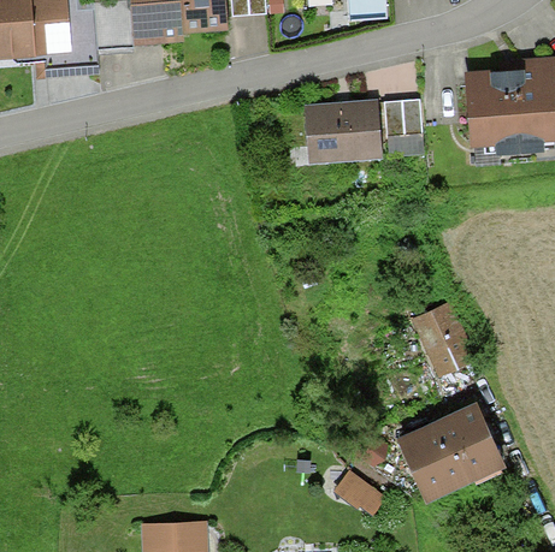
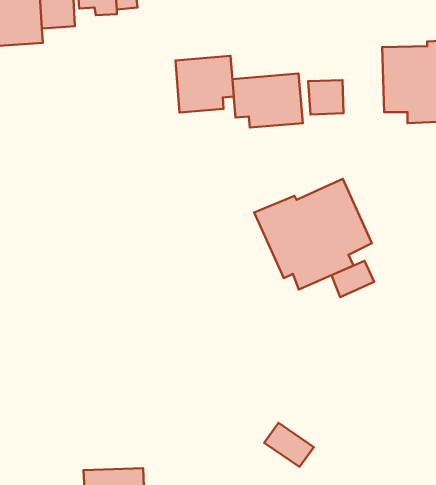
building: none -> [176,56,234,113]
building: none -> [254,179,372,289]
building: [420,322,473,373] -> none
building: [397,406,502,505] -> none

